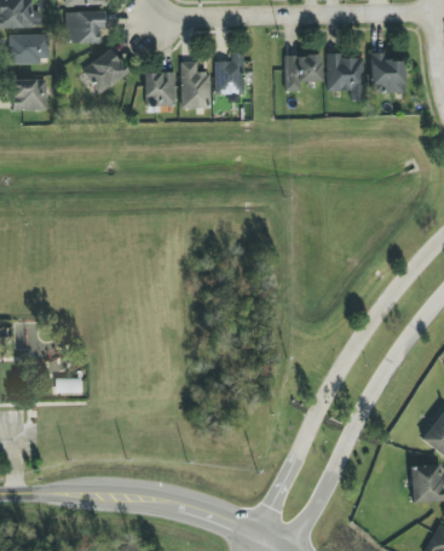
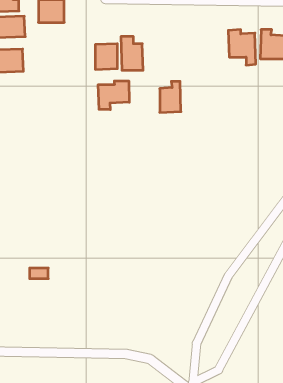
building: [82,48,128,92] -> none
building: [215,52,244,94] -> [160,81,181,112]
building: [284,54,322,91] -> none
building: none -> [98,81,129,110]

